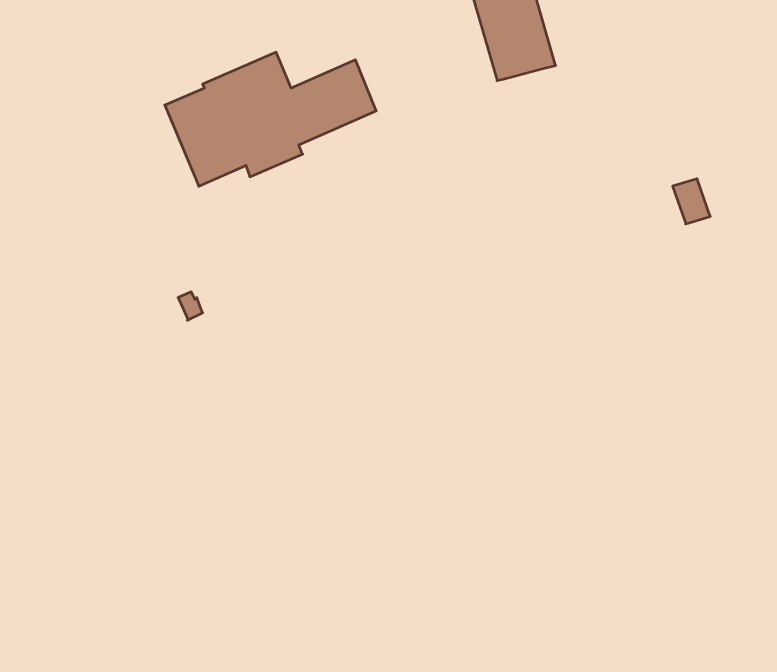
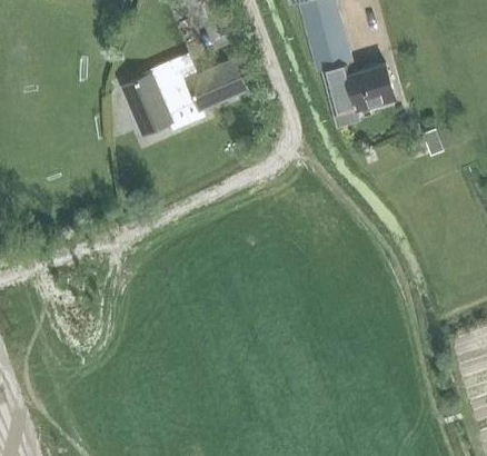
building: none -> [322,63,396,126]

